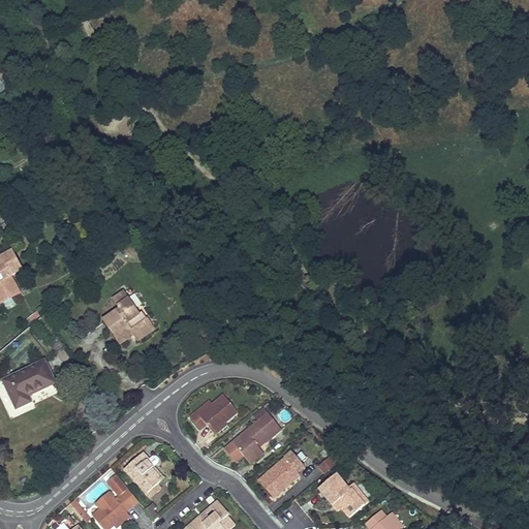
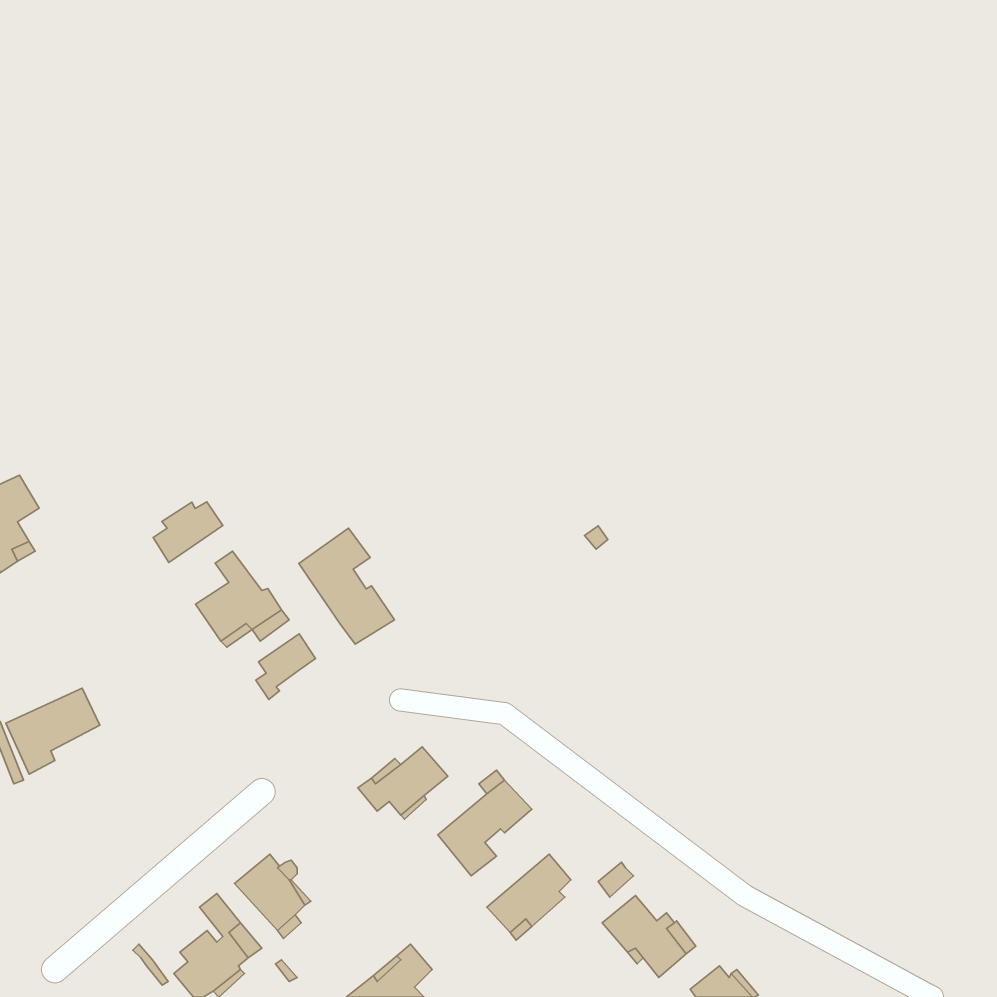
building: none -> [153,502,223,563]
building: none -> [299,528,394,644]
building: none -> [256,634,315,699]

